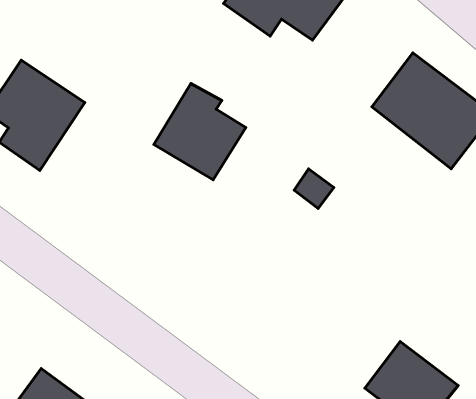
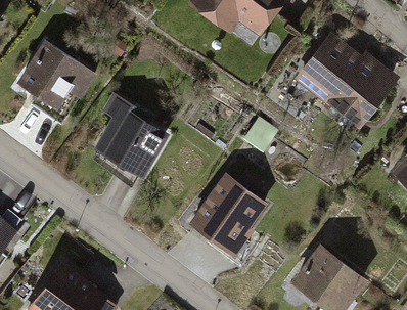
building: [154,84,246,180] -> [98,103,165,173]
building: none -> [192,176,264,250]

